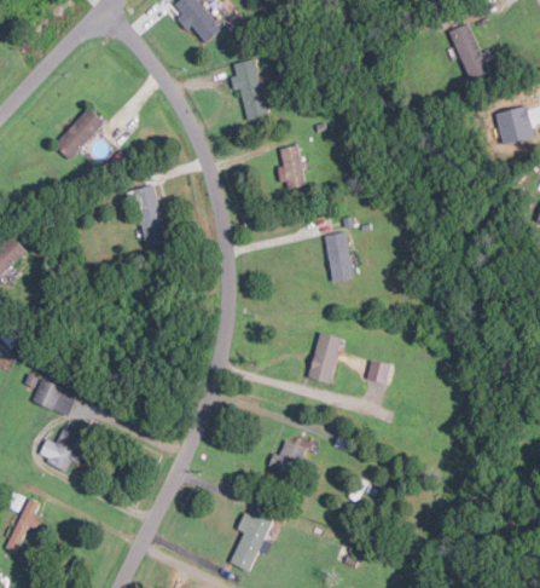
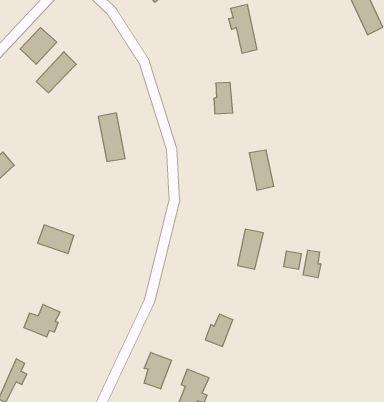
building: [231,58,267,120] -> [228,5,257,53]
building: none -> [20,28,57,64]
building: none -> [303,250,321,278]
building: [33,379,79,415] -> [38,225,74,254]
building: none -> [144,352,171,389]

